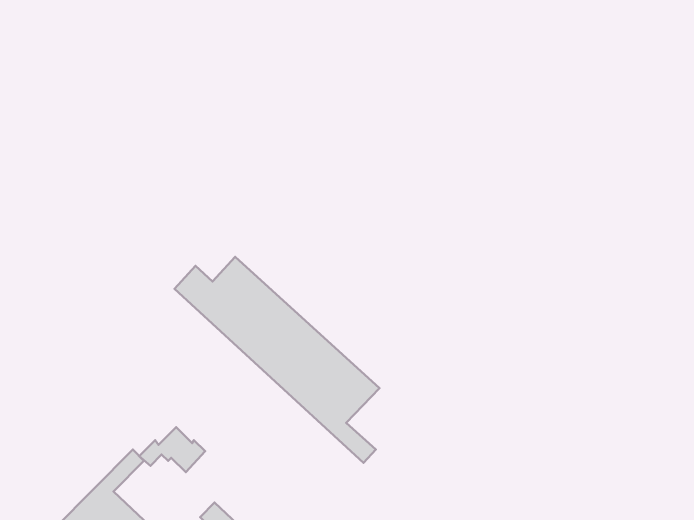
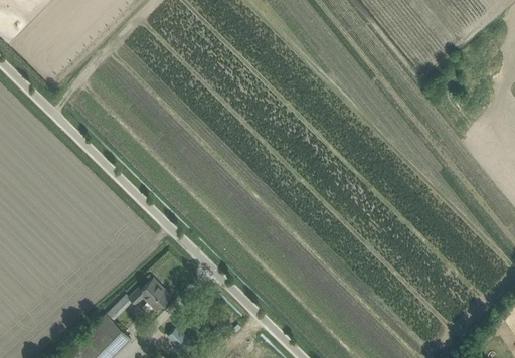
building: [175,257,379,463] -> none

